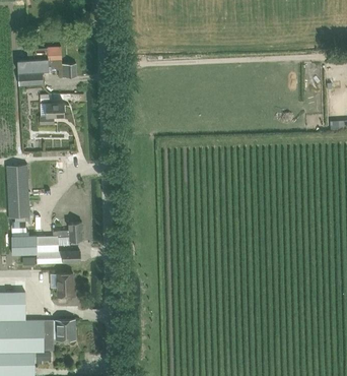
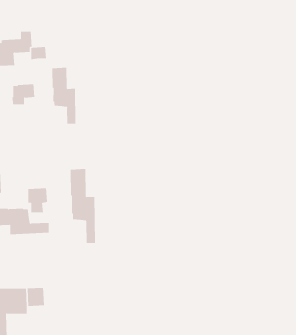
building: none -> [52,67,76,125]
building: none -> [70,168,96,244]
building: [57,273,75,297] -> none

